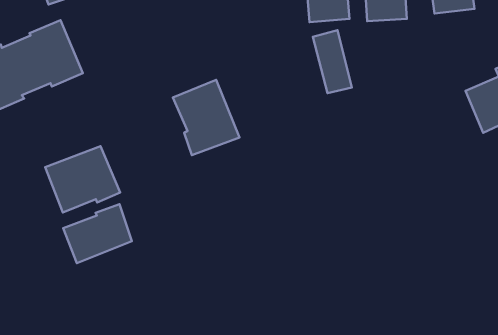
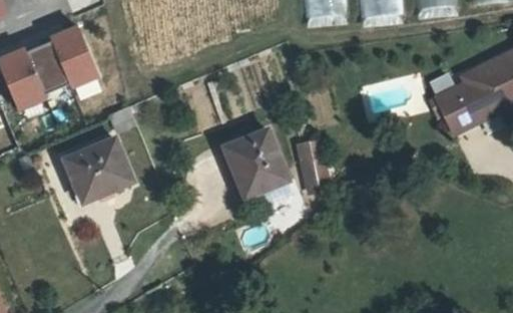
building: [313,30,352,93] -> [294,135,329,193]
building: [173,80,239,155] -> [229,127,290,196]
building: [63,204,132,263] -> none

